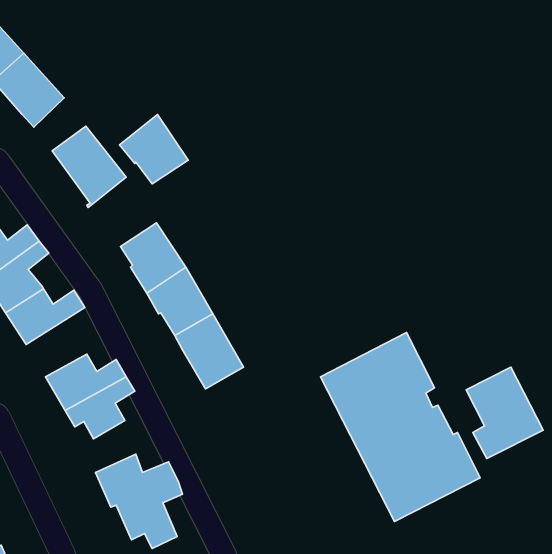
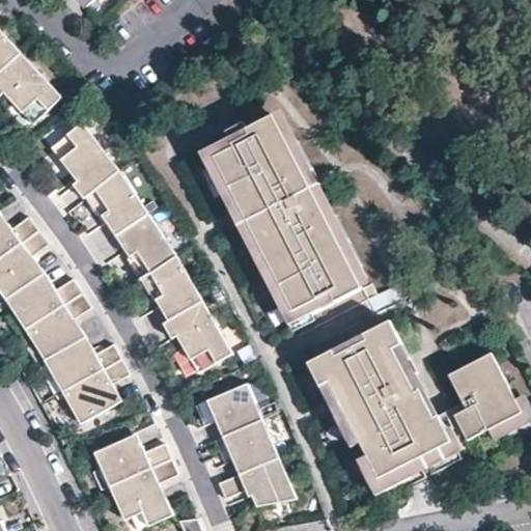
building: [120,114,188,184] -> [84,170,149,236]
building: none -> [198,113,360,324]
building: none -> [25,295,89,361]
building: none -> [193,383,295,505]

